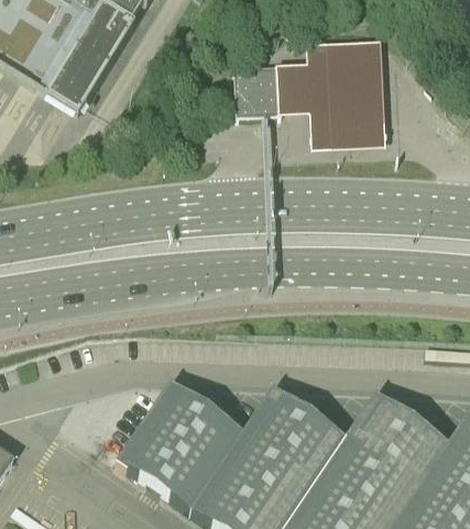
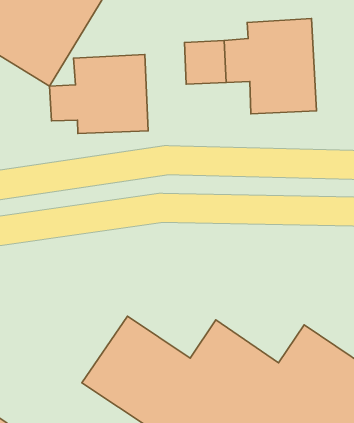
building: none -> [50,54,148,134]

